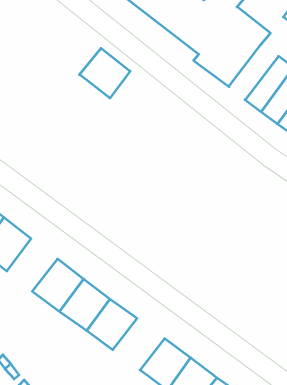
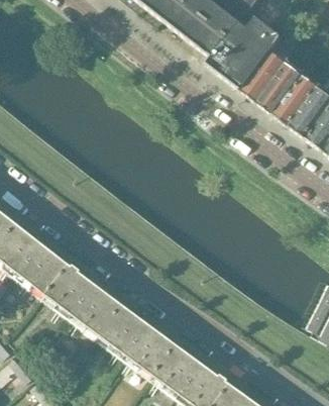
building: none -> [239,46,289,102]
building: [79,48,130,98] -> none
building: none -> [17,241,68,294]
building: none -> [123,321,175,373]

